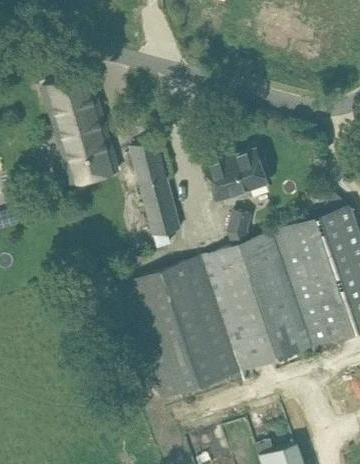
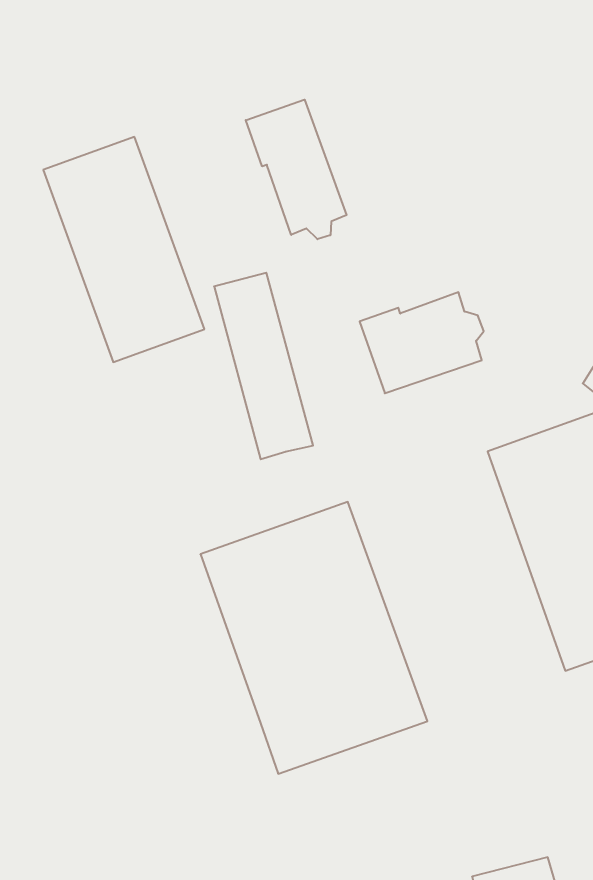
building: none -> [246,100,347,239]
building: [199,214,311,372] -> none

